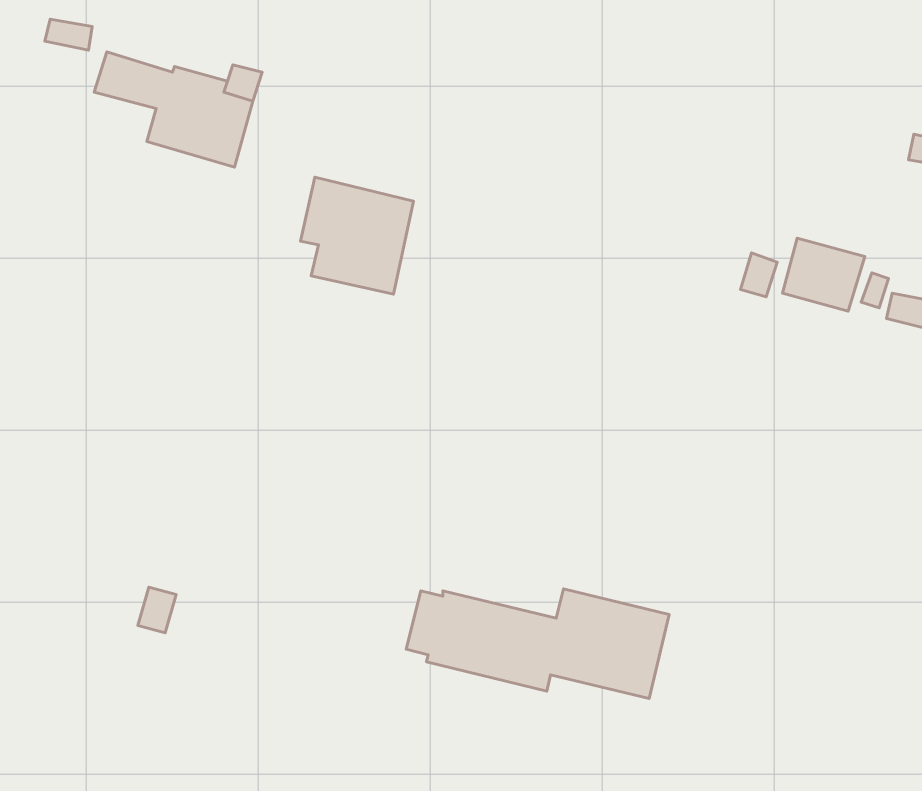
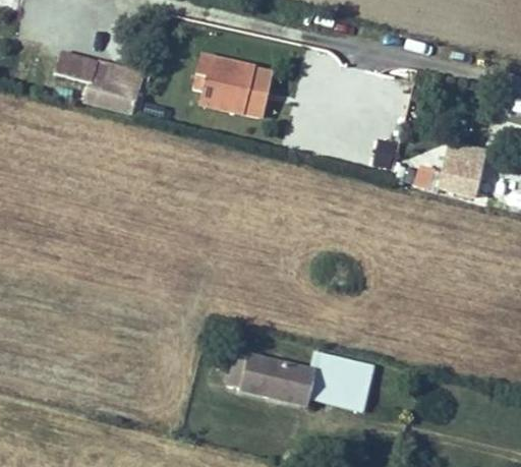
building: [300,177,414,294] -> [195,51,258,116]

